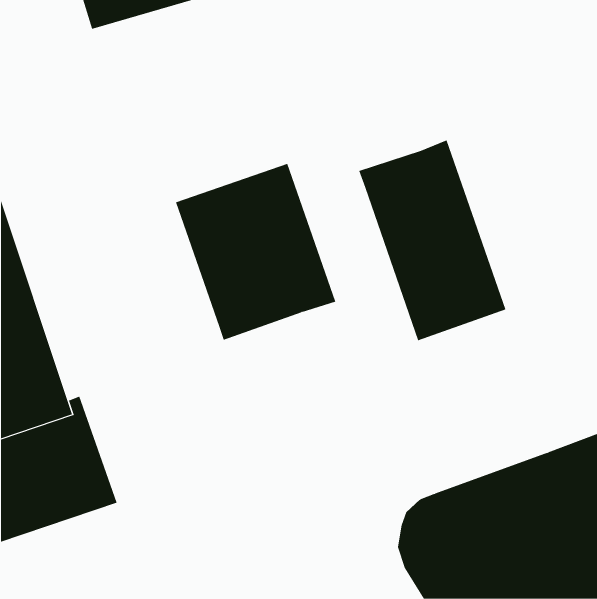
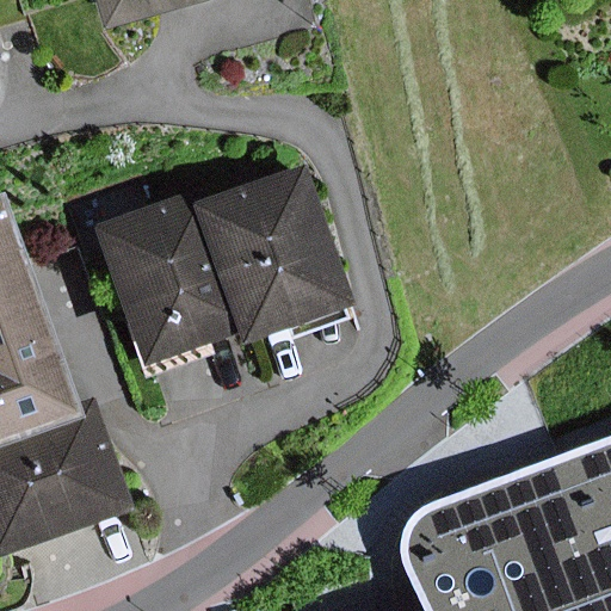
building: [359,139,506,341] -> none
building: none -> [85,193,226,364]

